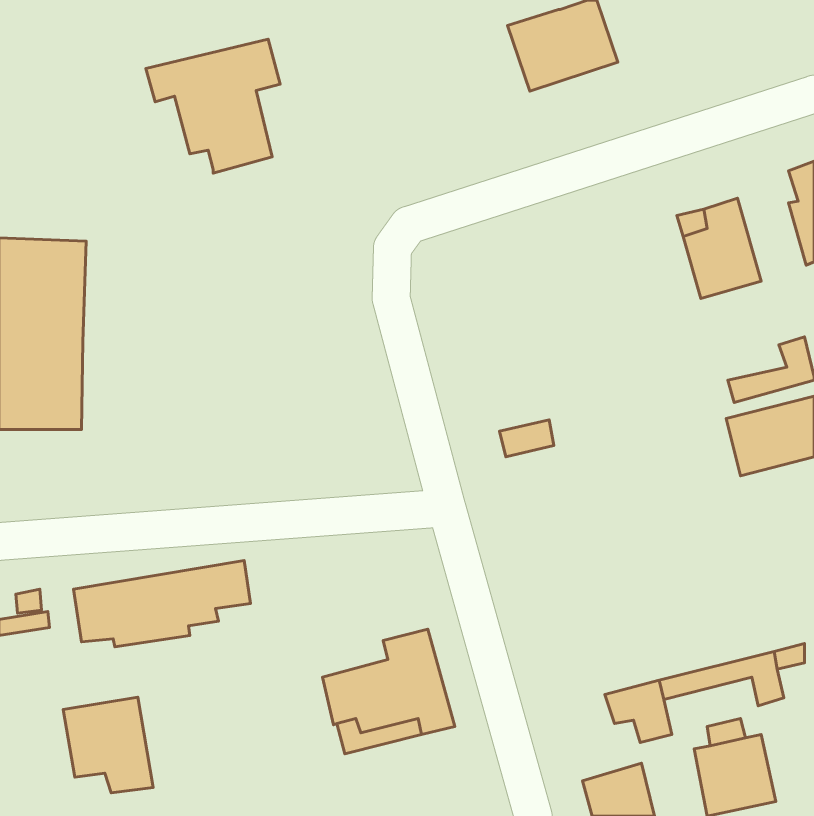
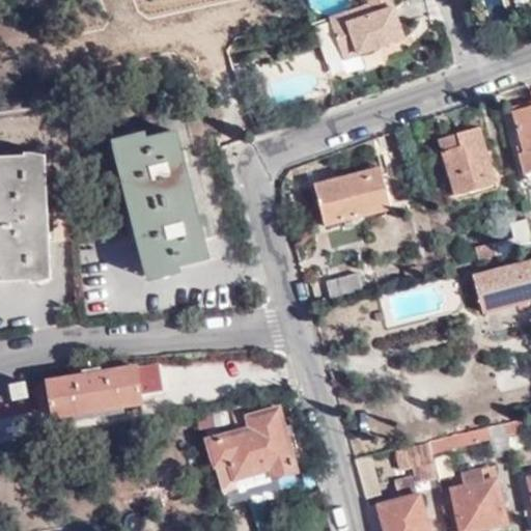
building: [146,39,280,173] -> none
building: none -> [113,131,206,273]
building: none -> [312,165,388,223]
building: [63,697,153,793] -> none

